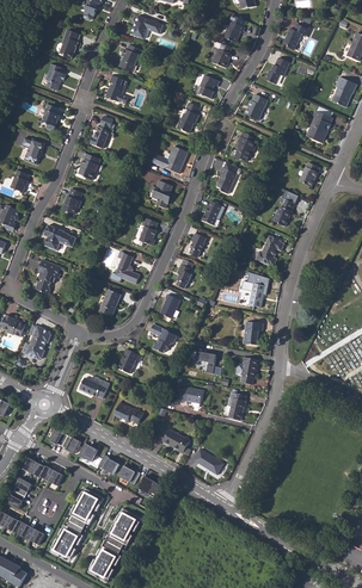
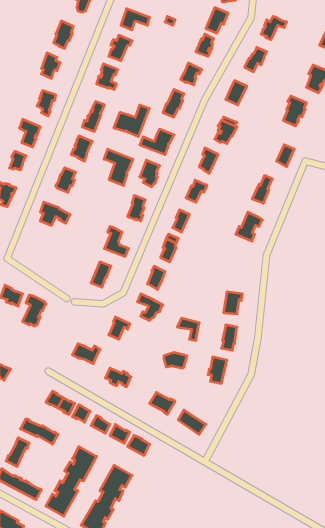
building: none -> [114,105,149,137]
building: none -> [104,149,133,186]
building: [36,259,60,293] -> none
building: [239,271,269,307] -> none

